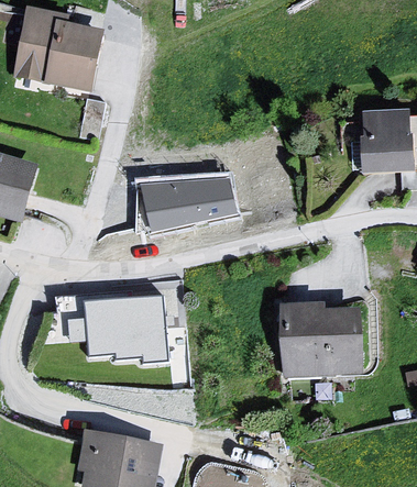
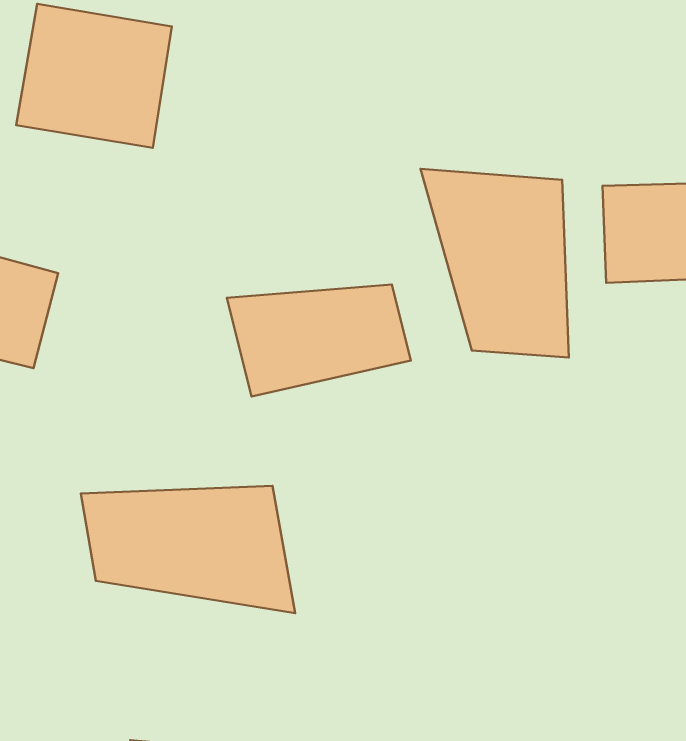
building: none -> [421,169,569,357]
building: [281,308,360,375] -> none

